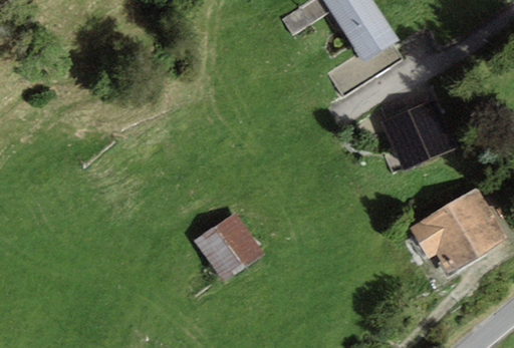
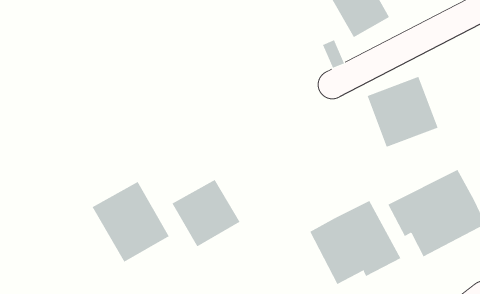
building: none -> [92,181,169,263]
building: none -> [309,200,401,285]

